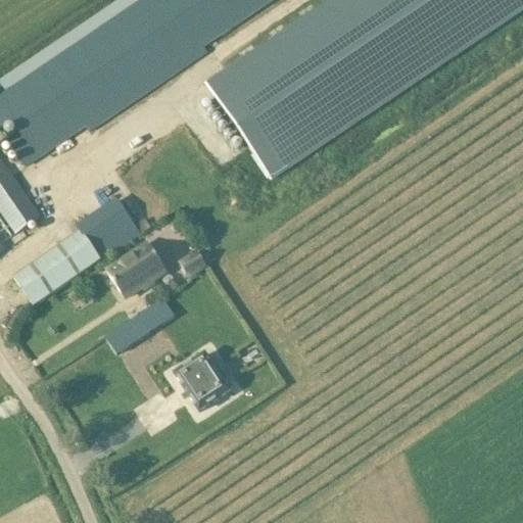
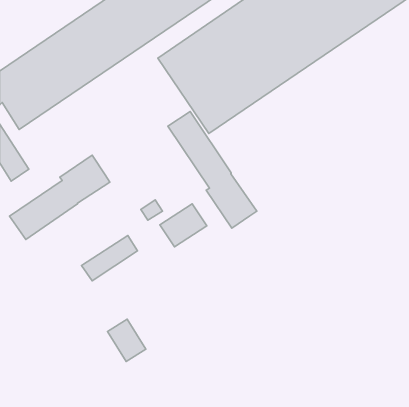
building: none -> [168,111,257,228]
building: [108,243,168,297] -> [160,204,207,247]
building: [179,351,227,405] -> [108,319,146,361]

